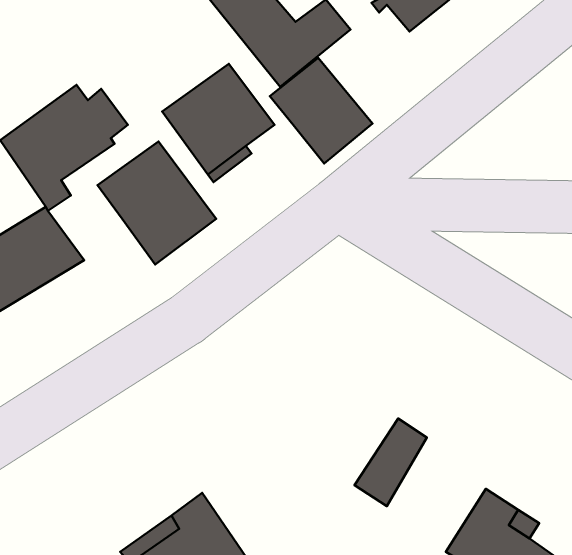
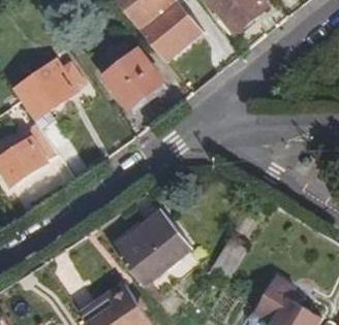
building: [270,58,373,164] -> none
building: [98,142,216,265] -> none
building: none -> [113,209,189,285]

